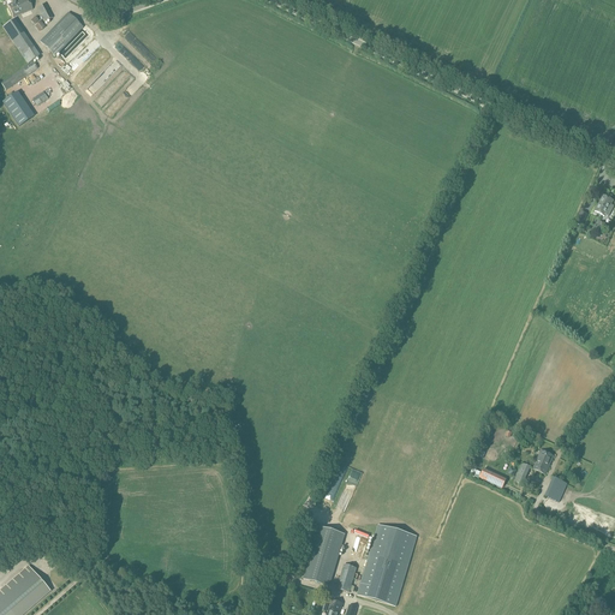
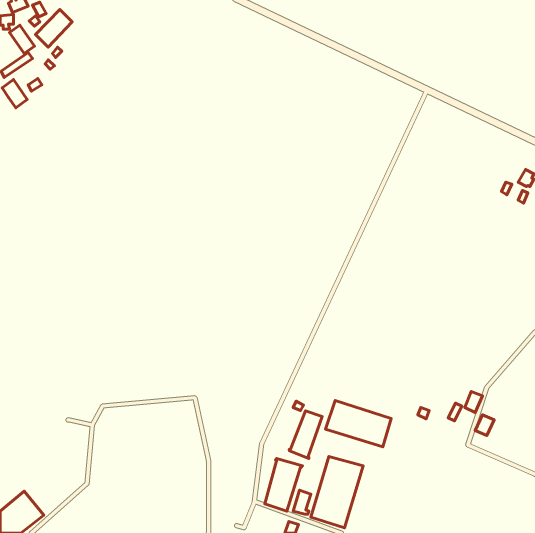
building: none -> [325,401,391,447]
building: none -> [289,411,322,459]

